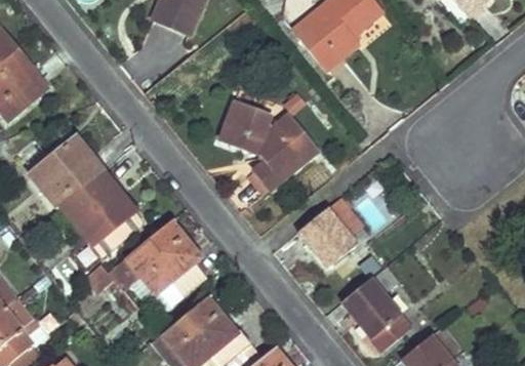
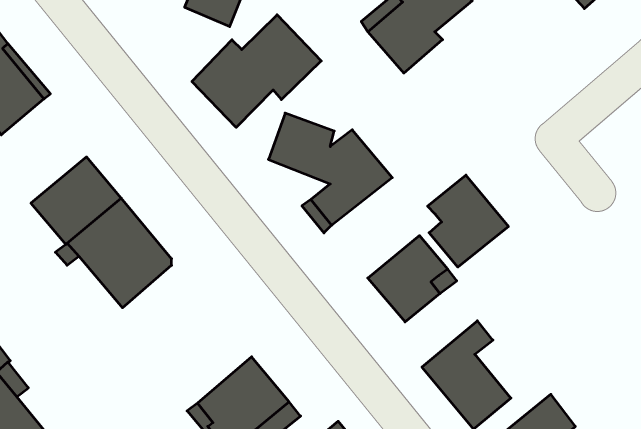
building: none -> [192,15,321,127]
building: none -> [428,175,508,267]
building: [104,220,200,291] -> none

